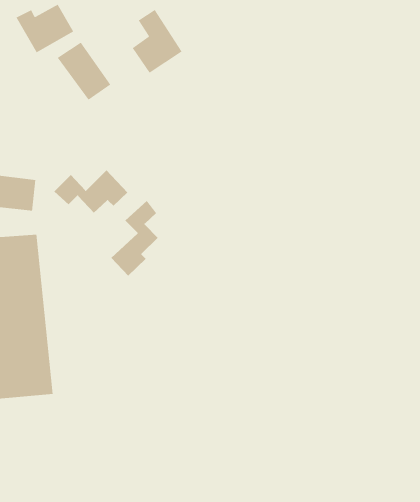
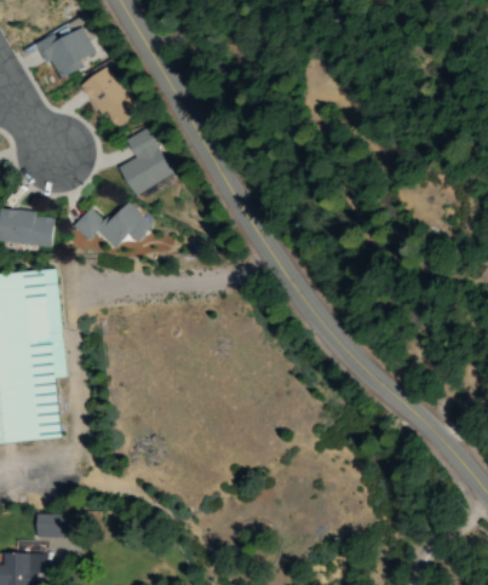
building: [132,9,183,74] -> [115,125,168,193]
building: [110,200,159,276] -> none
building: none -> [39,512,76,535]

